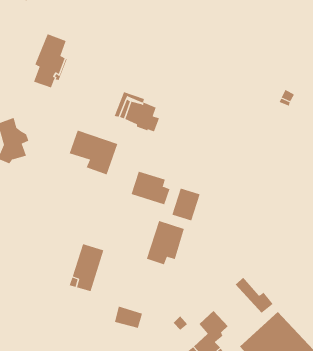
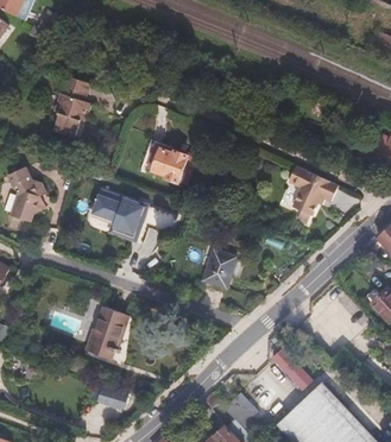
building: none -> [288,168,336,226]
building: [131,171,170,205] -> none
building: [146,220,185,265] -> none
building: [114,306,143,329] -> [94,385,126,410]

